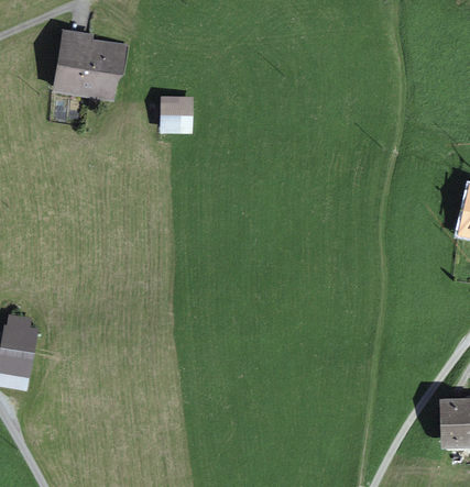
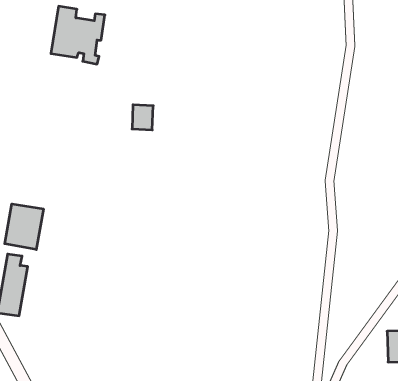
building: [163,98,187,126] -> [132,105,153,130]
building: none -> [5,204,43,250]

